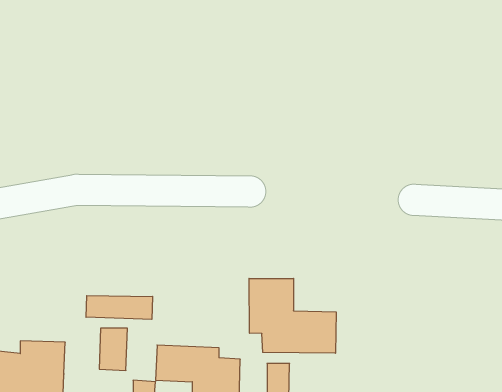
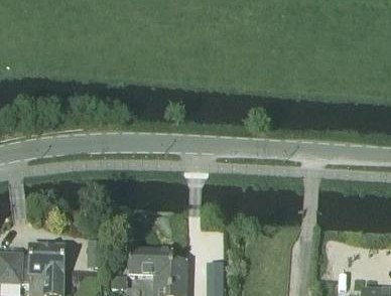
building: [249,278,336,353] -> none
building: [86,296,153,319] -> none

